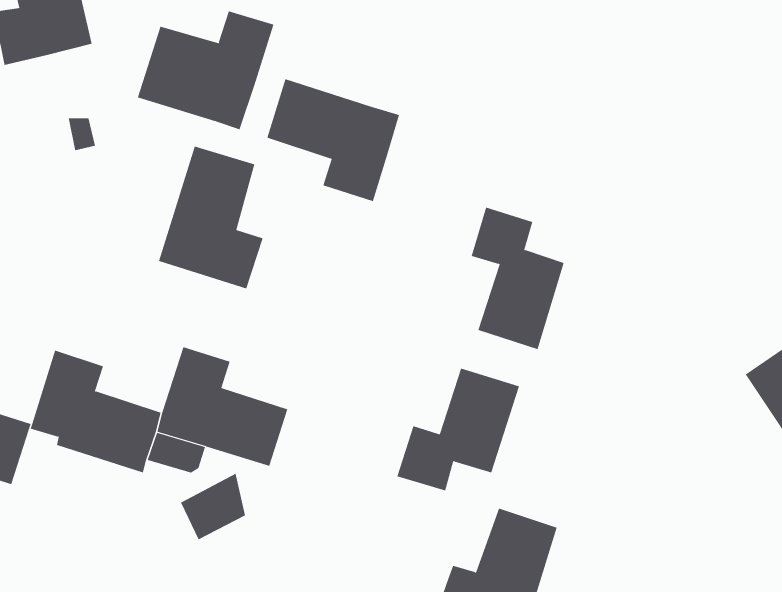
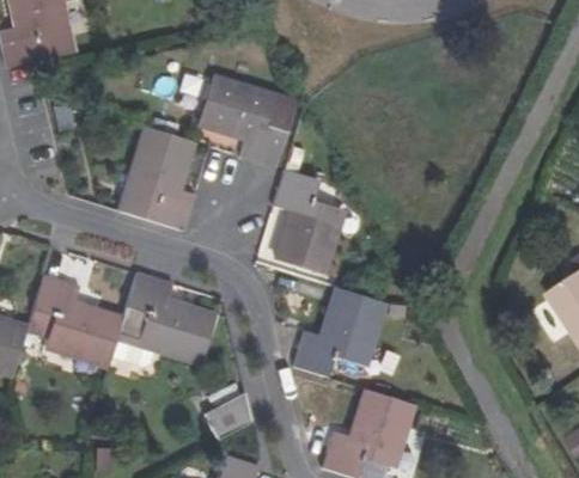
building: [137,10,274,130] -> none
building: [471,207,565,350] -> [273,170,341,274]
building: [180,473,246,540] -> [205,392,252,441]

